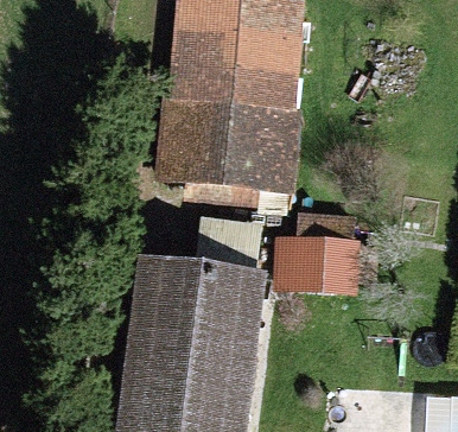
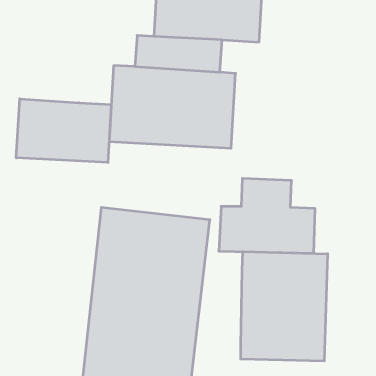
building: none -> [16,99,111,163]
building: none -> [241,252,328,361]

